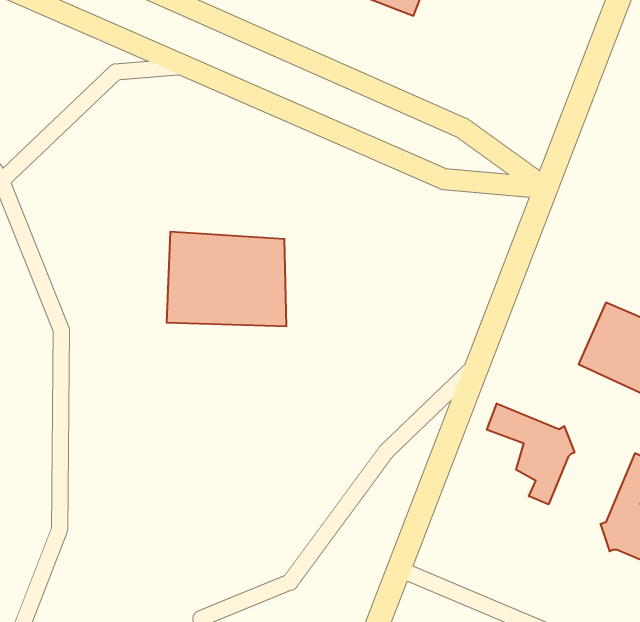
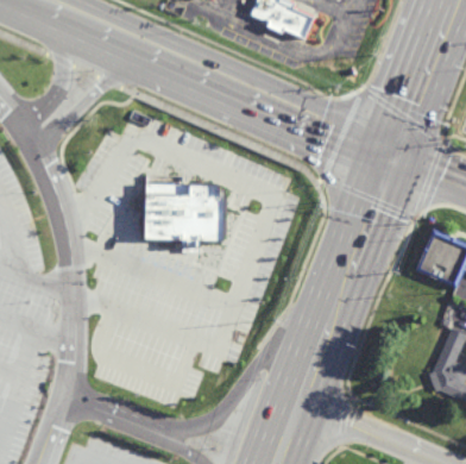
building: [487,403,574,504] -> none

